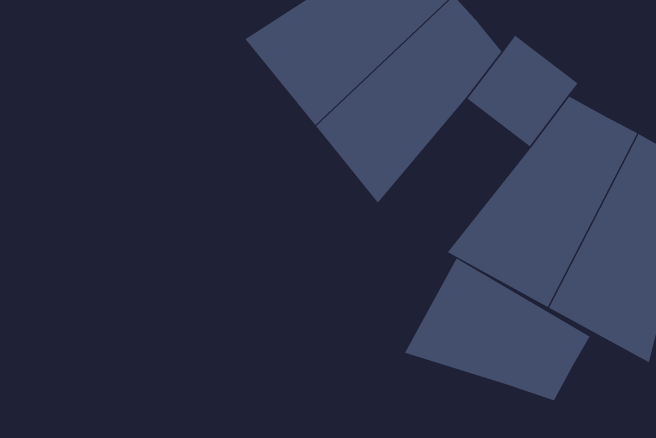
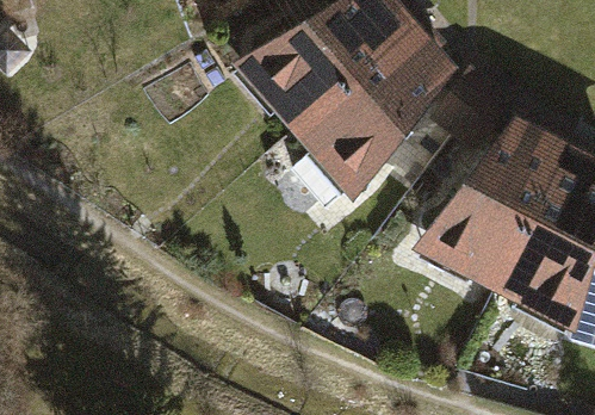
building: [404,258,590,401] -> none

